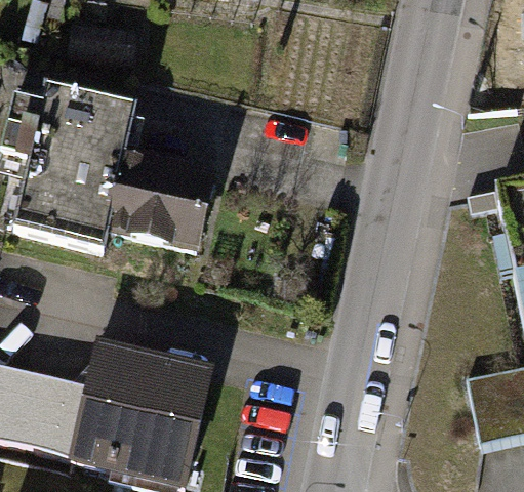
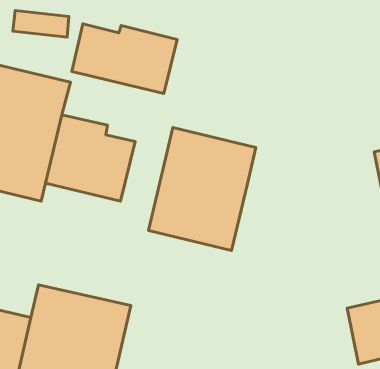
building: none -> [72,24,177,94]
building: none -> [148,127,256,250]

